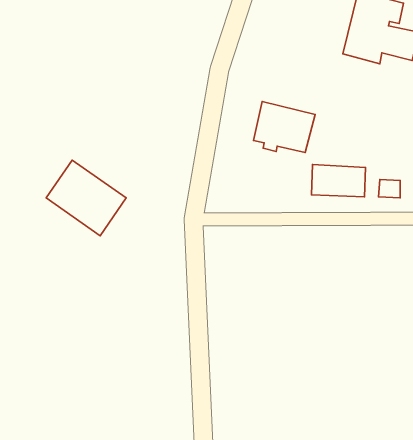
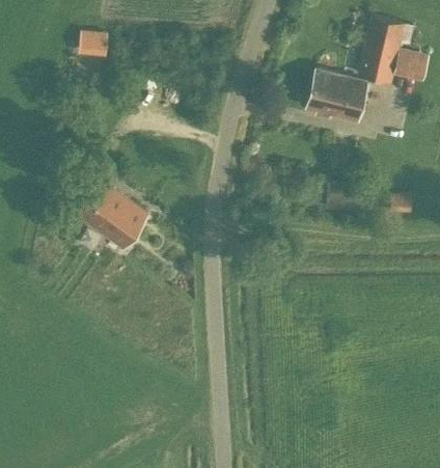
building: none -> [81,31,110,55]
building: [253,102,315,152] -> [308,71,367,119]

